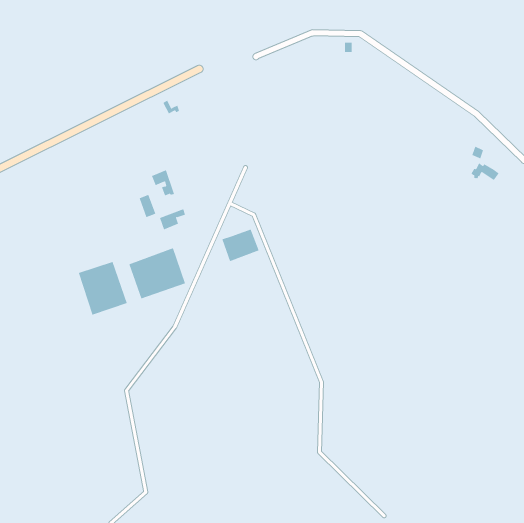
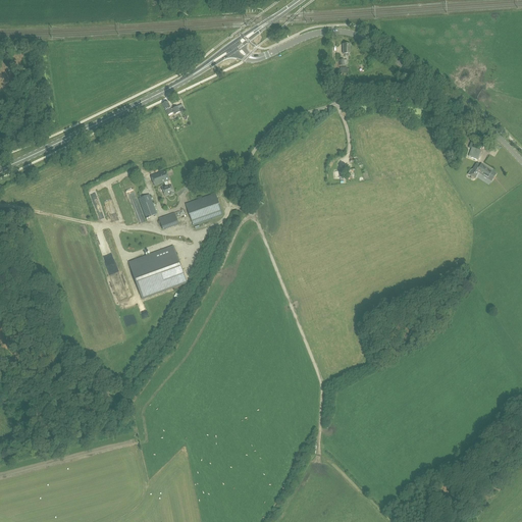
building: [221,229,259,262] -> [185,192,222,224]
building: [78,261,127,316] -> none

